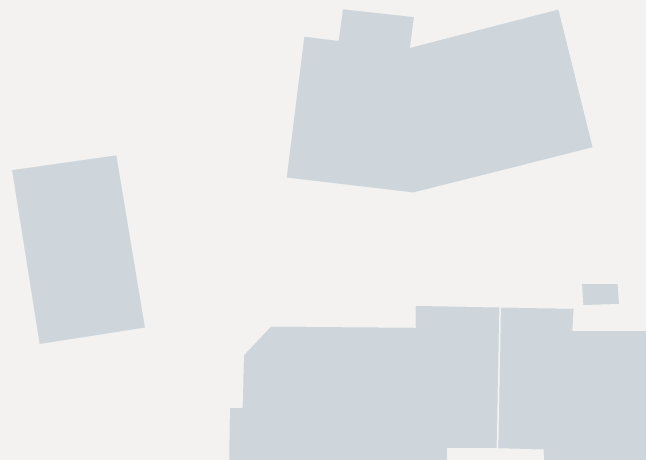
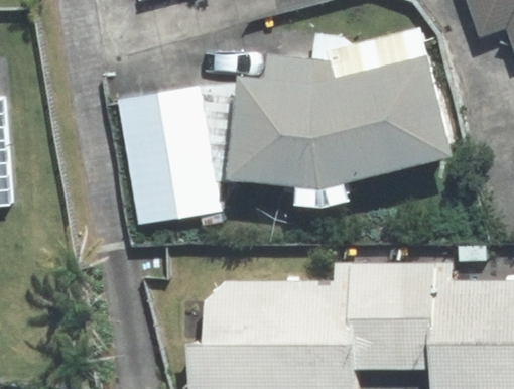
building: [11,155,146,344] -> [118,87,217,226]

